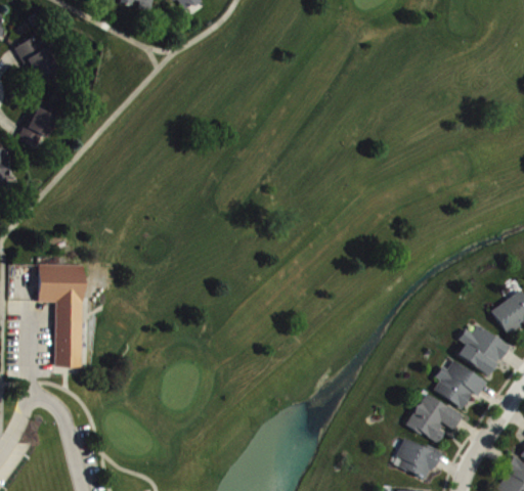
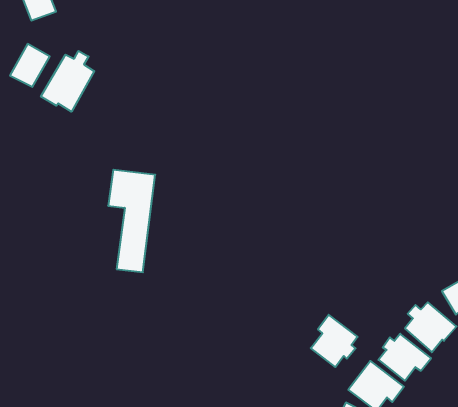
building: none -> [41,51,94,112]
building: [36,257,81,359] -> [108,170,155,272]
building: none -> [311,315,358,367]

